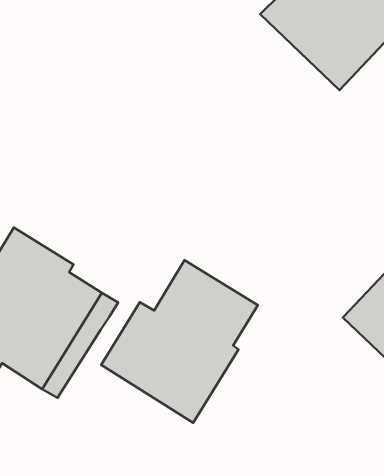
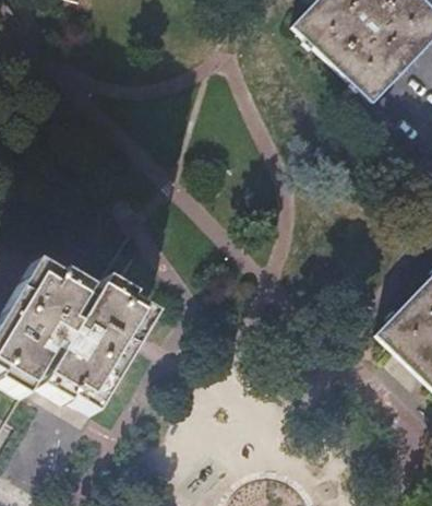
building: [101,260,258,423] -> none

